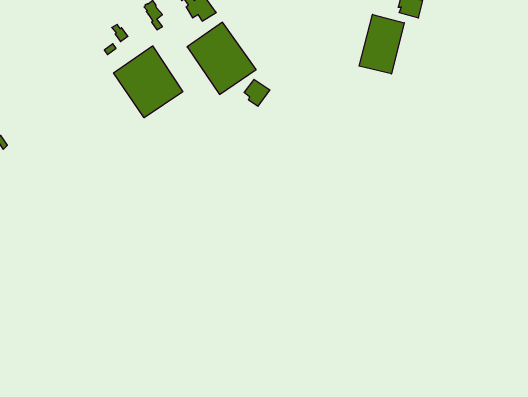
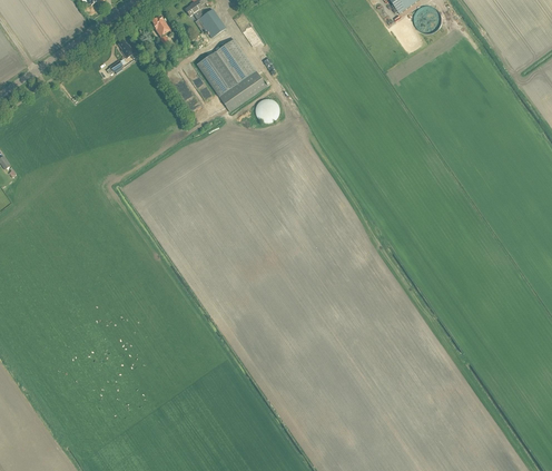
building: [359,14,404,74] -> none
building: [114,46,183,118] -> none

